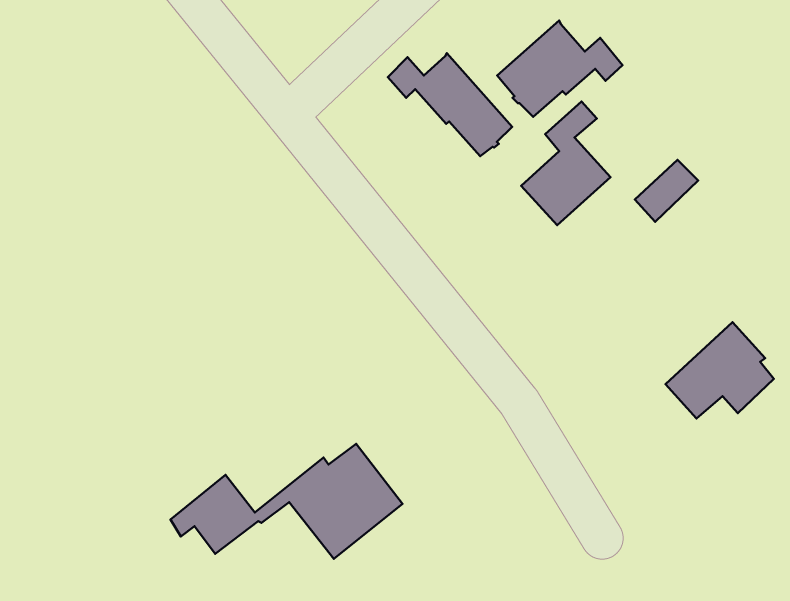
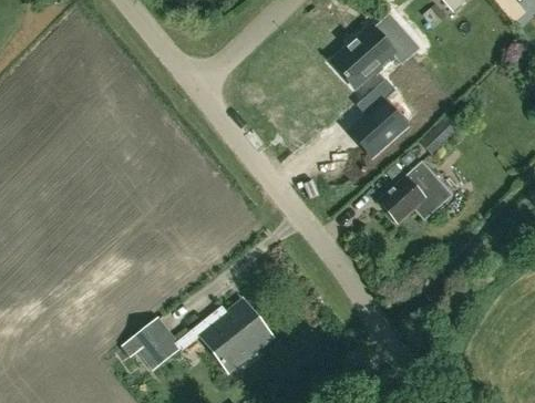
building: [388,53,512,156] -> none
building: [666,322,774,418] -> [378,161,447,223]

